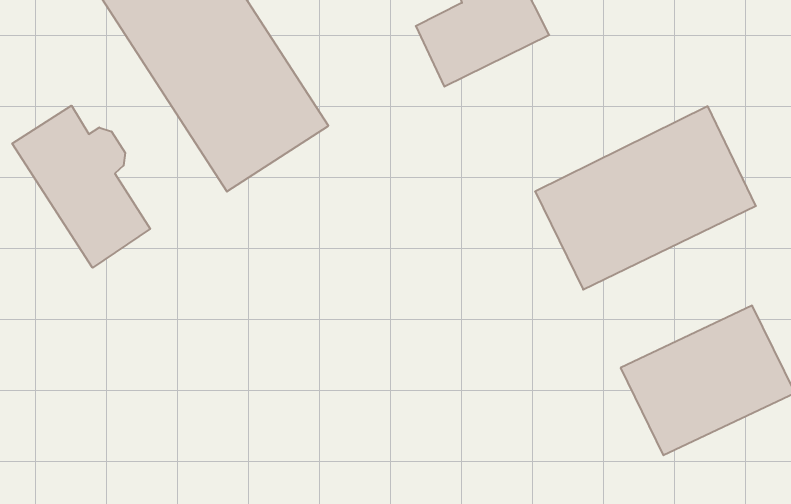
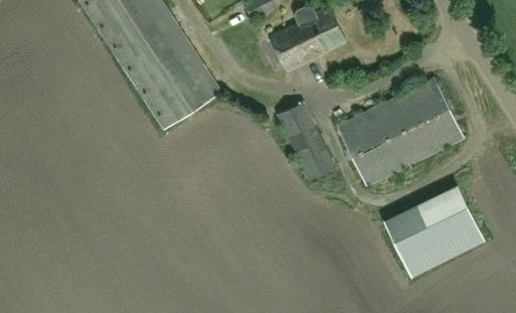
building: [12,106,150,268] -> none
building: none -> [276,102,335,181]

